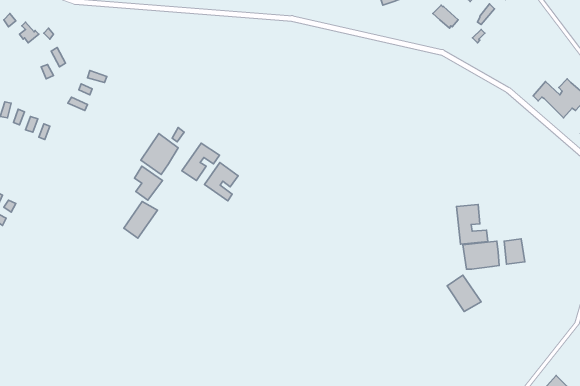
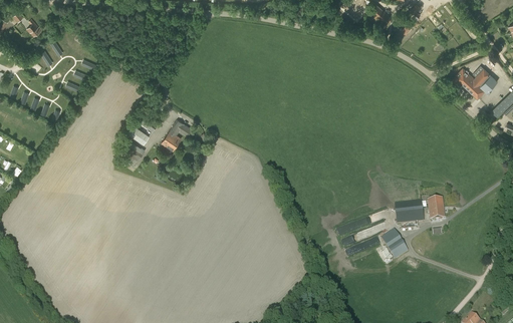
building: [205,163,238,201] -> none
building: [124,201,158,238] -> none
building: [456,205,488,244] -> none

